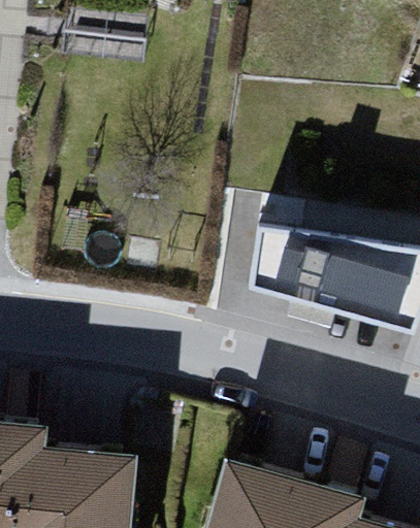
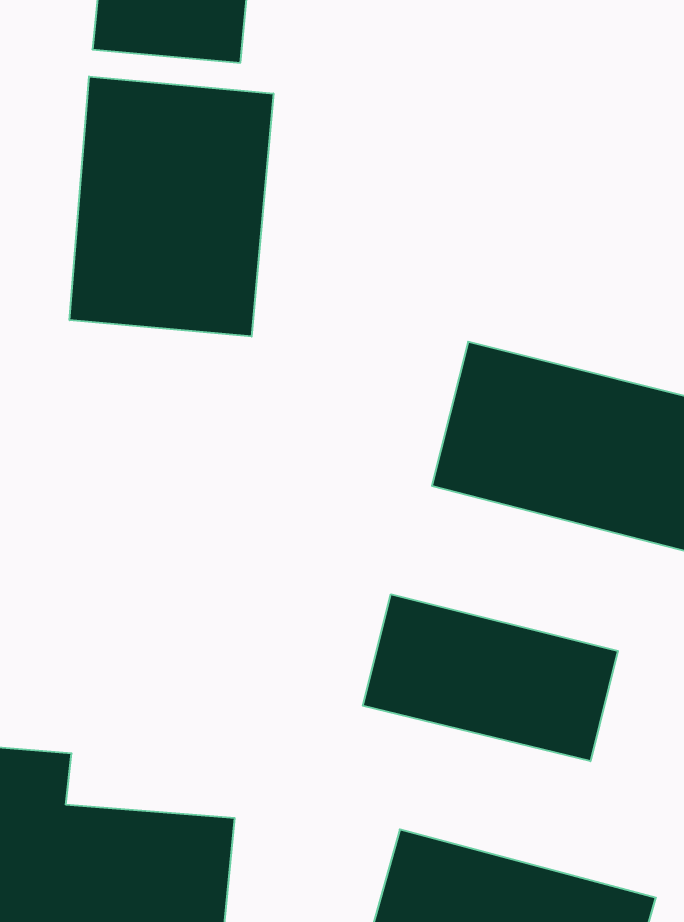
building: none -> [70,76,273,337]
building: none -> [363,594,618,761]

